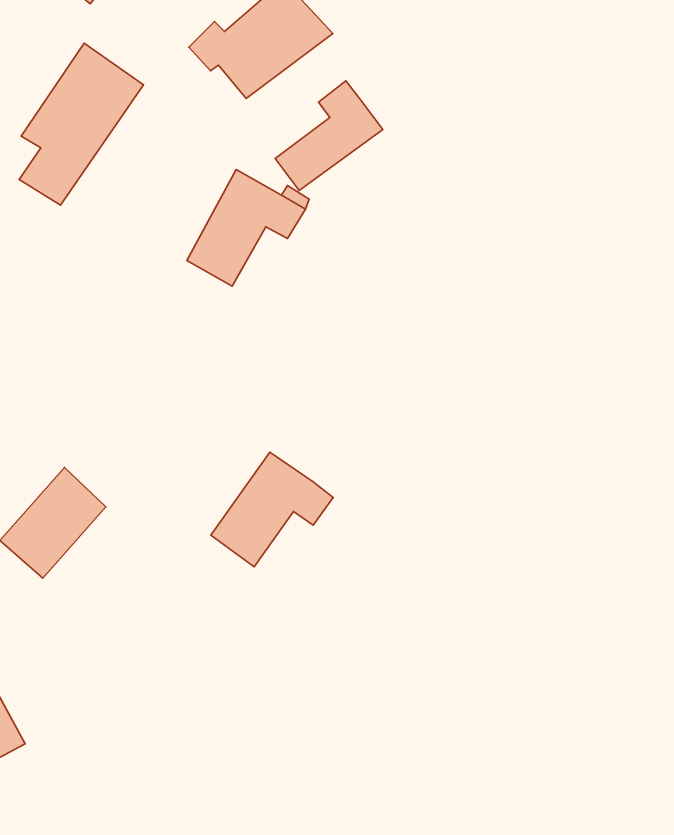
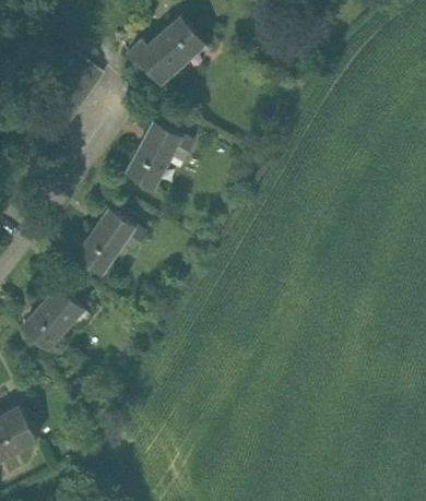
building: [275,81,383,191] -> none
building: [211,452,333,567] -> [76,211,144,274]

